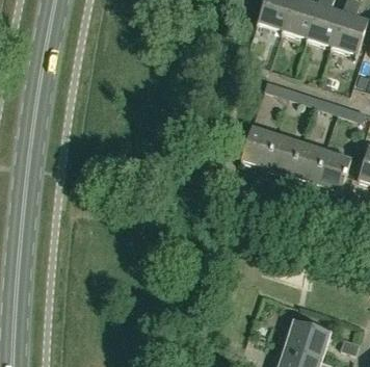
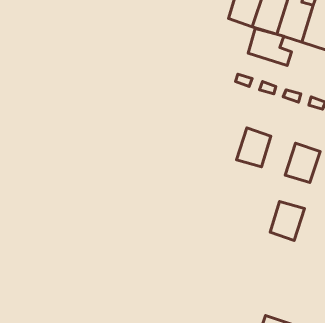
building: none -> [248,29,291,65]
building: [241,126,276,166] -> none
building: [291,142,325,182] -> [270,201,304,241]

